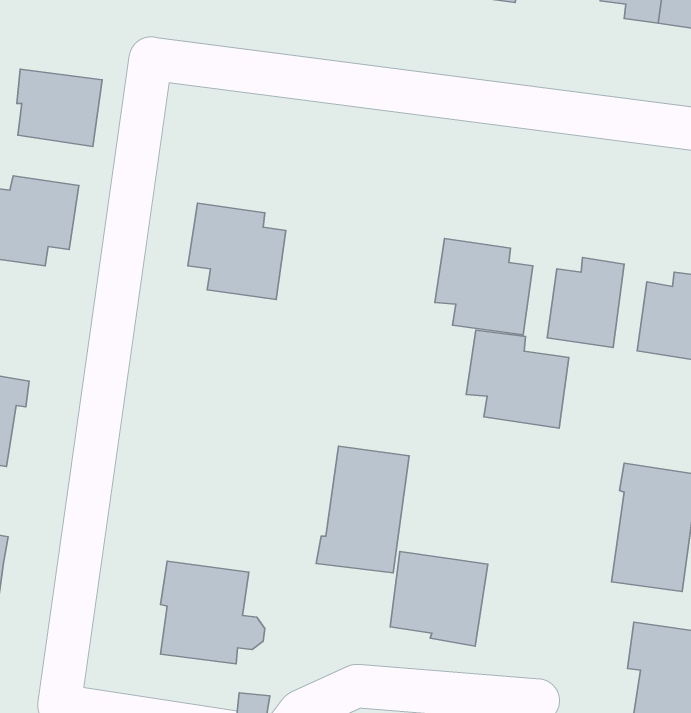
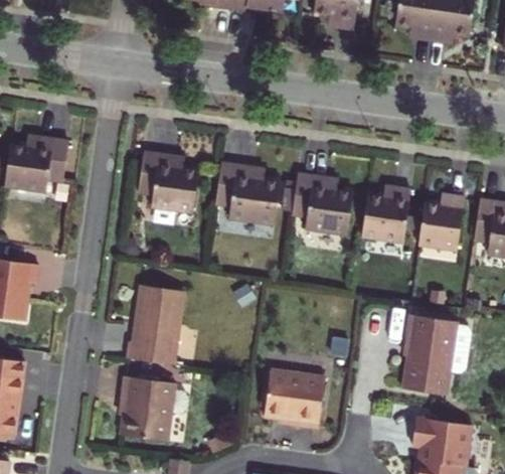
building: [17,69,102,147] -> none
building: [466,330,569,428] -> [215,163,280,224]
building: [316,446,409,573] -> [126,285,184,364]

